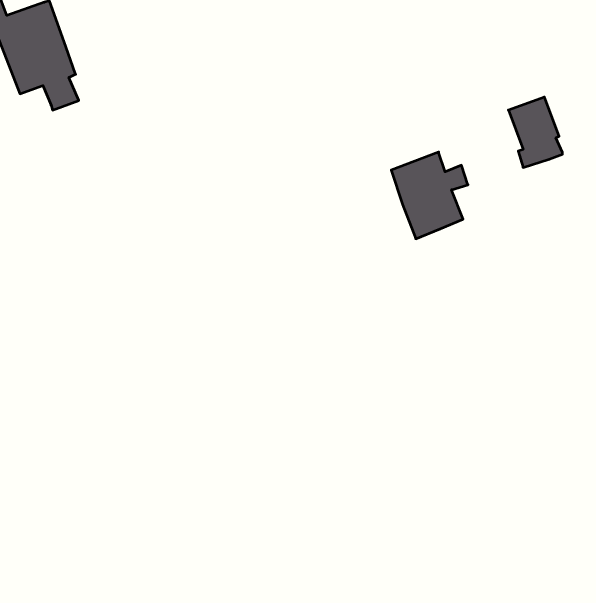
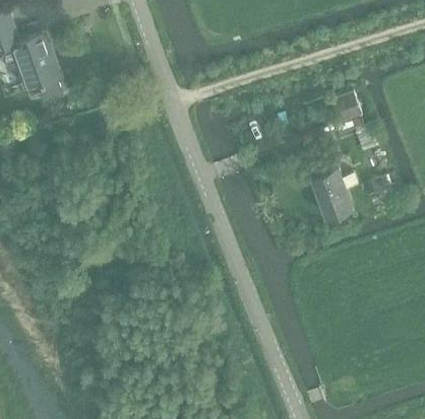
building: [391,152,468,239] -> [309,166,357,220]

